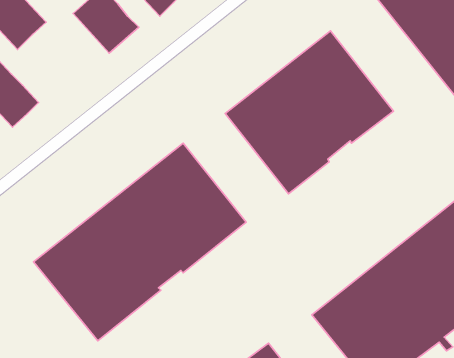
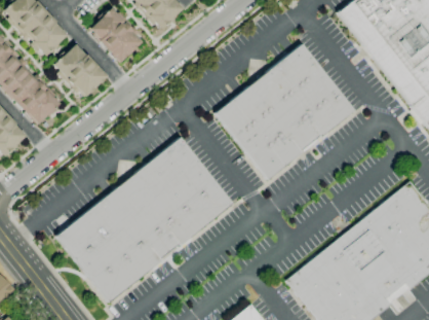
building: none -> [52,44,106,99]

